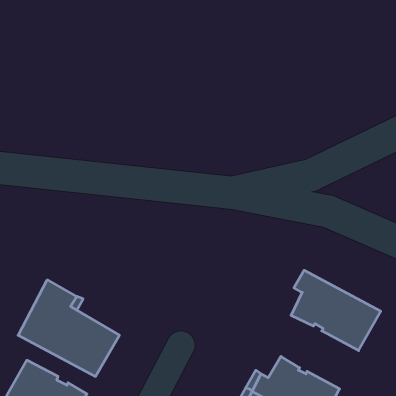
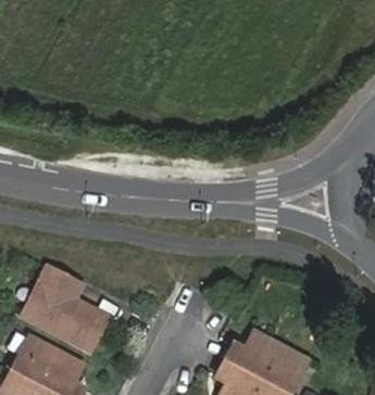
building: [291,270,381,351] -> none

